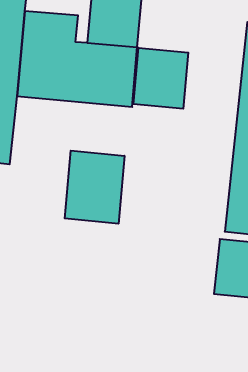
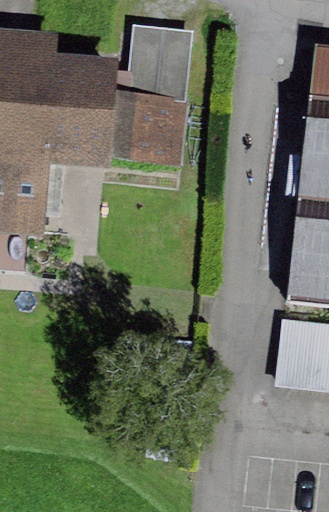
building: [134,48,188,109] -> none
building: [65,151,124,224] -> none

